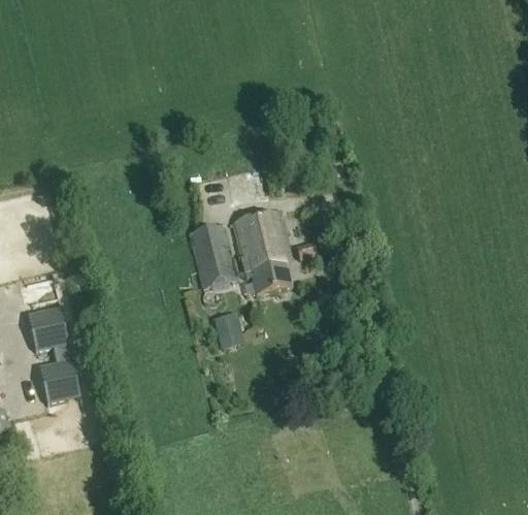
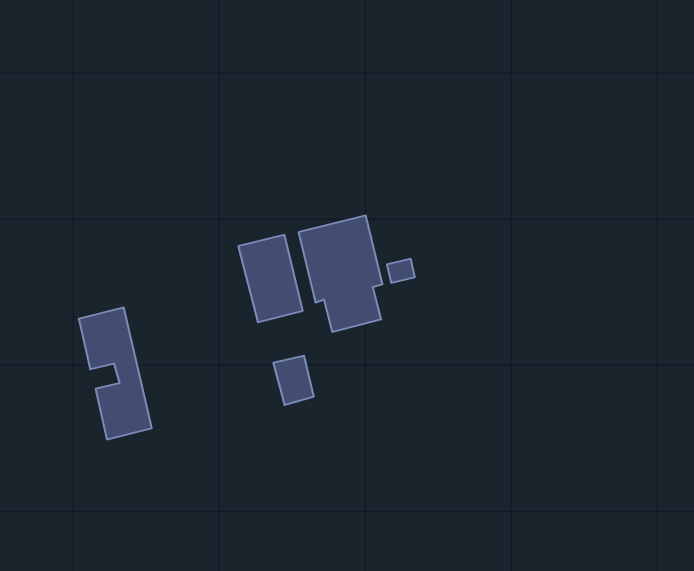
building: [28,305,81,403] -> [79,307,152,439]

